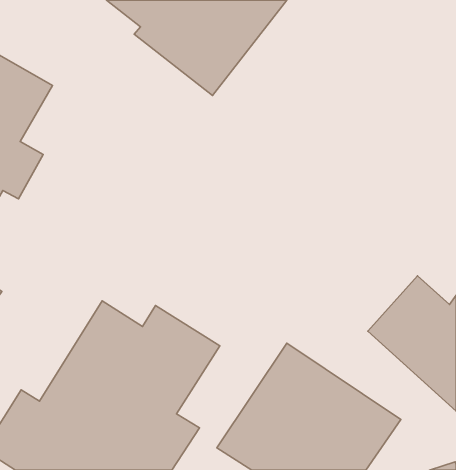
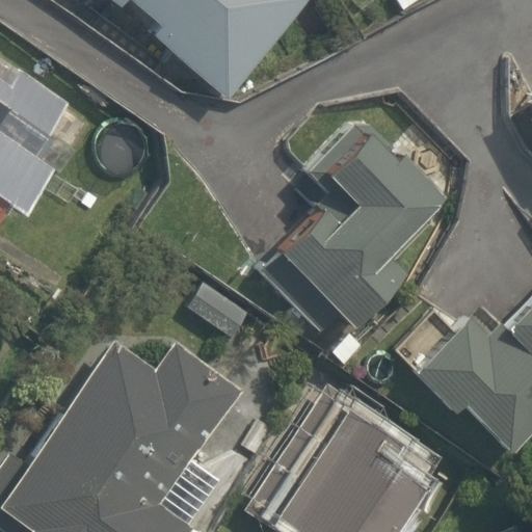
building: none -> [272,123,442,323]

